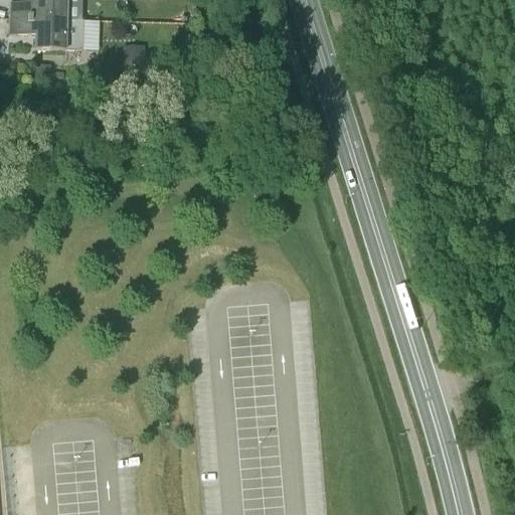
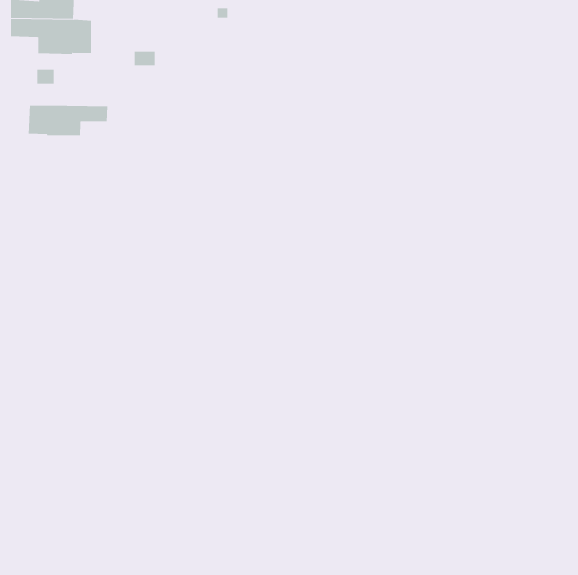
building: none -> [28,105,108,136]

